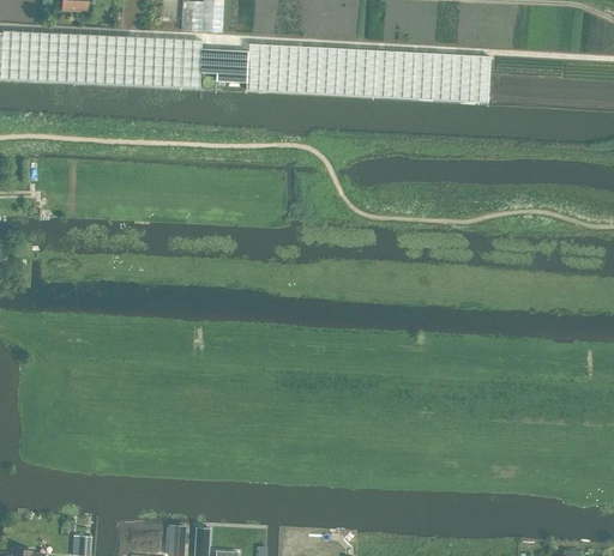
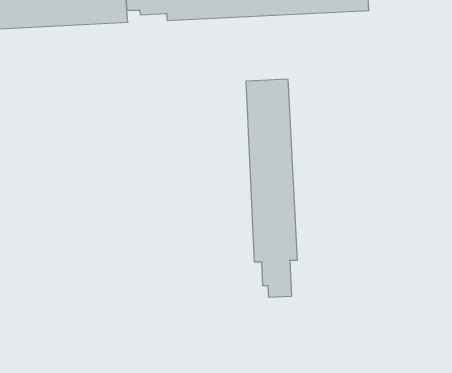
building: none -> [246,79,297,297]

